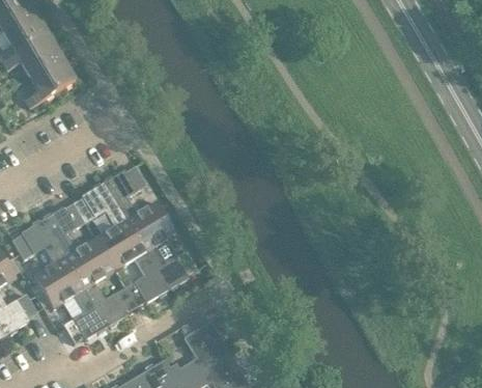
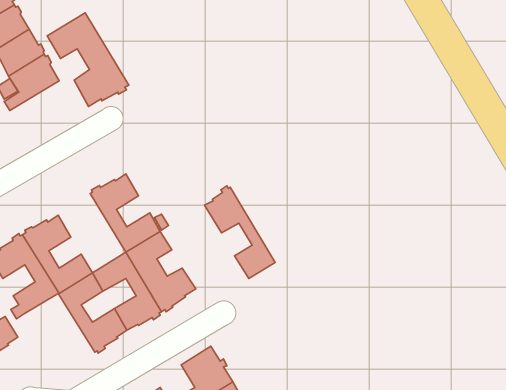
building: none -> [47,13,129,107]
building: none -> [205,186,275,279]
building: [72,184,133,255] -> none
building: [40,274,105,344] -> none

